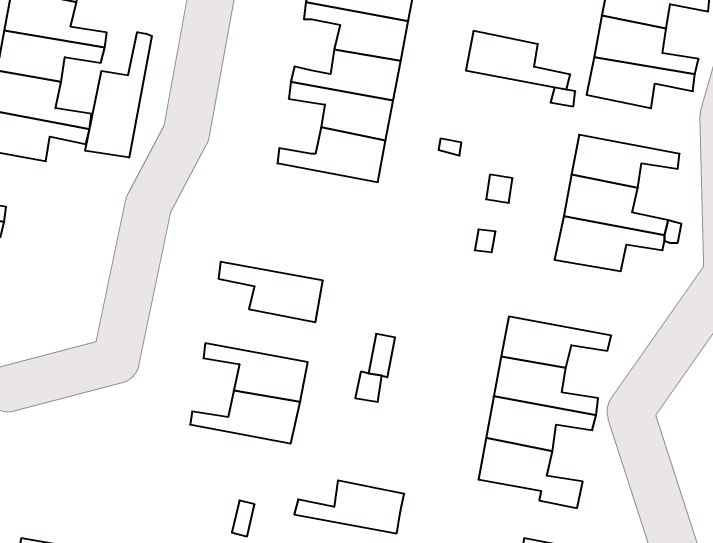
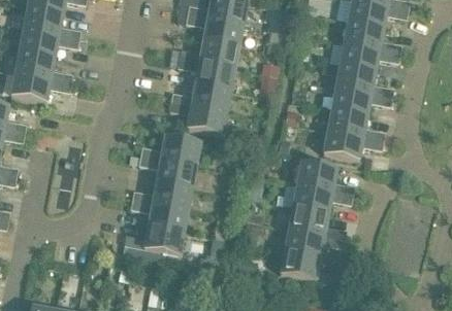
building: [466,31,570,90] -> [335,64,392,96]
building: [85,32,152,158] -> none
building: none -> [169,101,226,134]
building: none -> [140,136,200,165]
building: none -> [297,161,354,195]
building: [294,480,404,533] -> [132,180,192,209]

